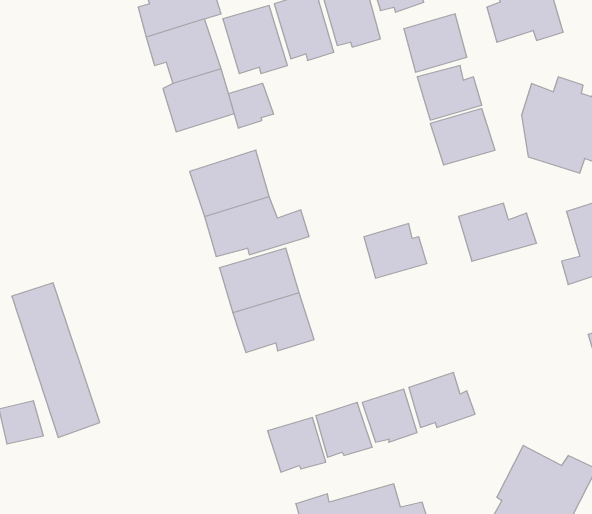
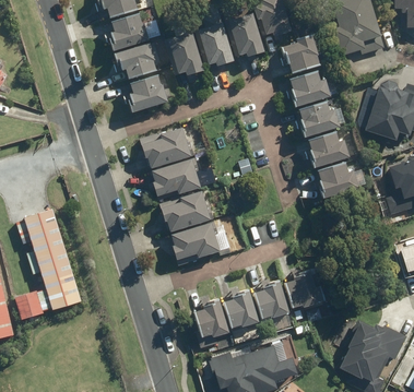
building: [229,83,273,128] -> none
building: [364,224,427,278] -> [309,130,351,166]

